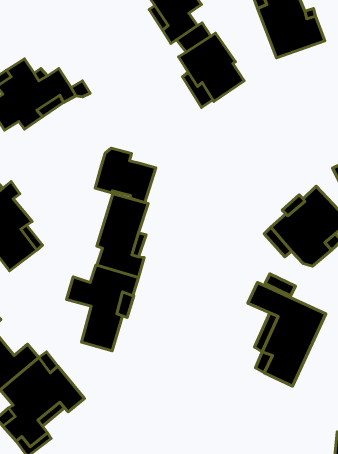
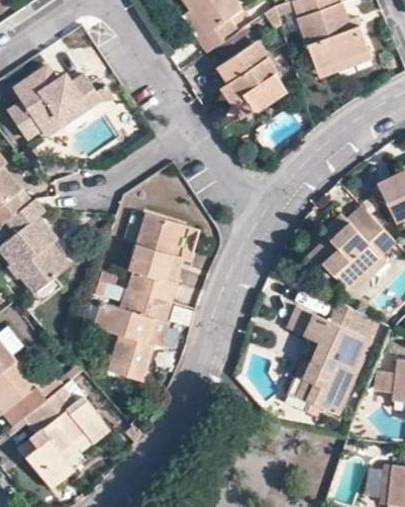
building: [95,148,156,203] -> none

